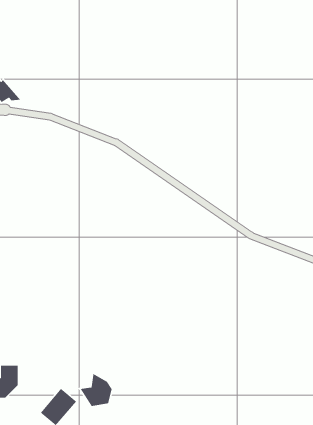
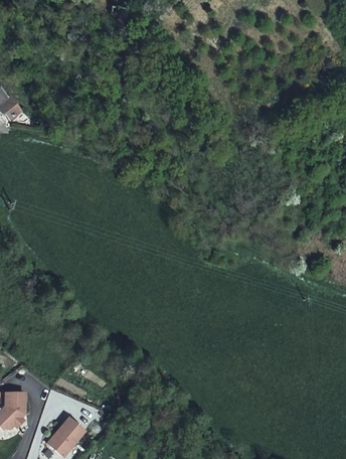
building: [80,373,112,407] -> none

